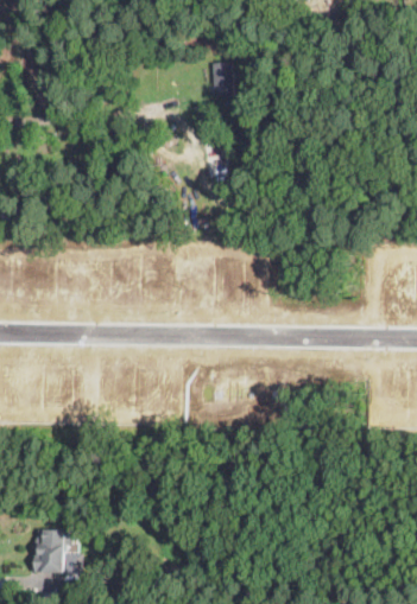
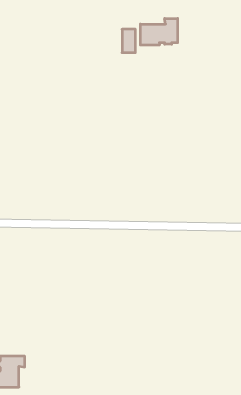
building: none -> [140,18,178,45]

